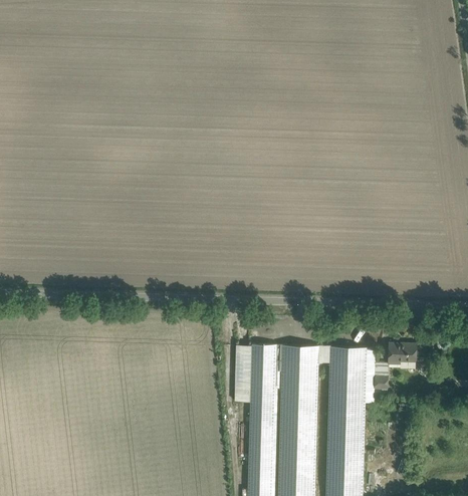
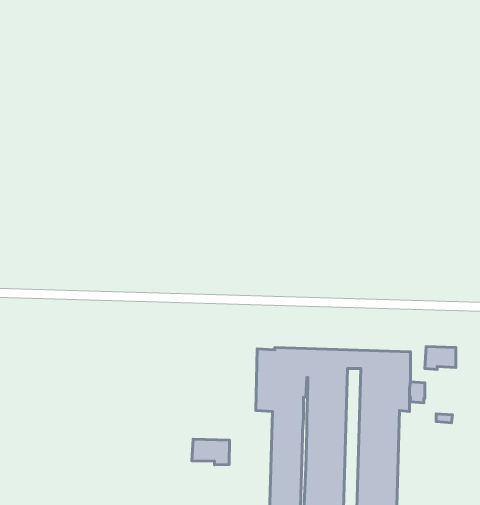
building: none -> [192,439,230,465]

